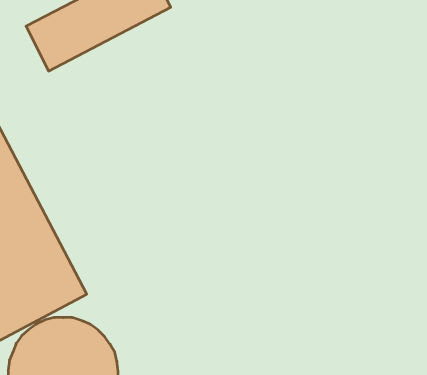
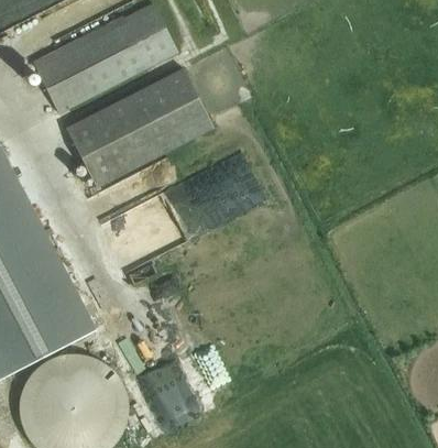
building: none -> [66,67,213,188]

